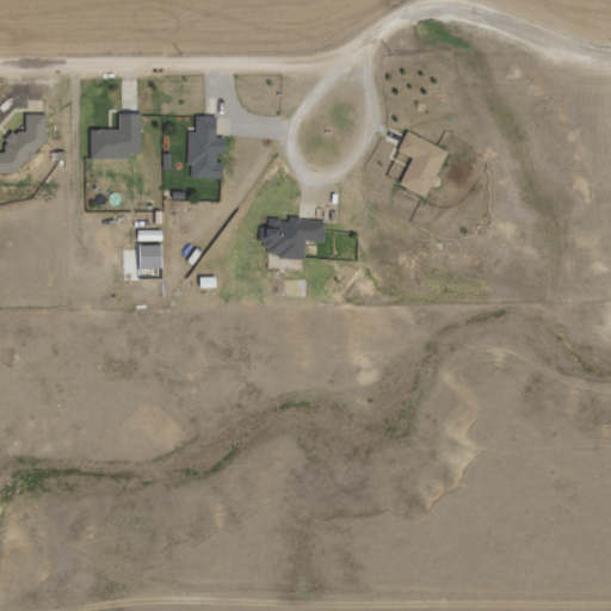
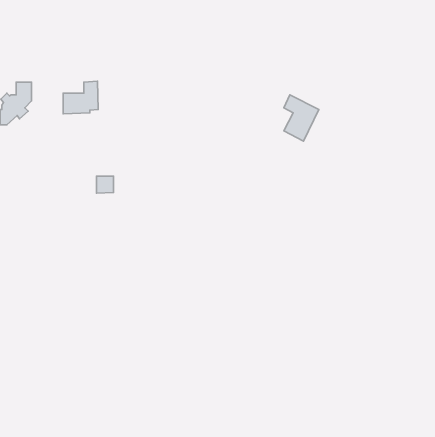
building: [189,118,223,177] -> none
building: [258,218,323,260] -> none

